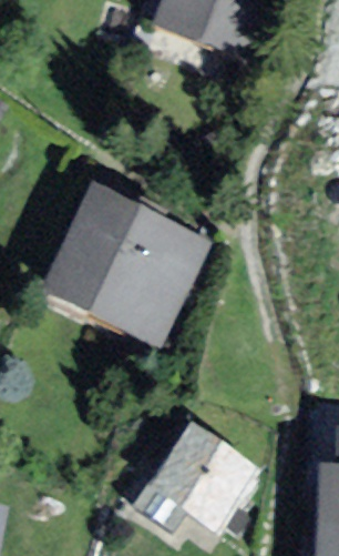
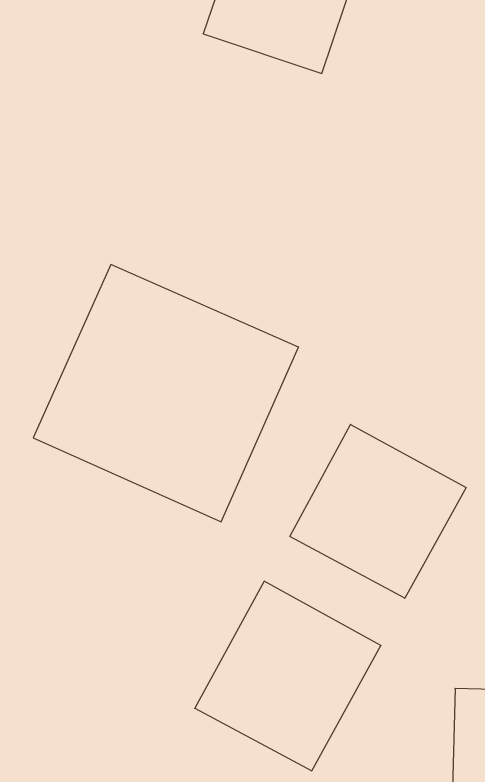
building: none -> [290,424,466,598]

